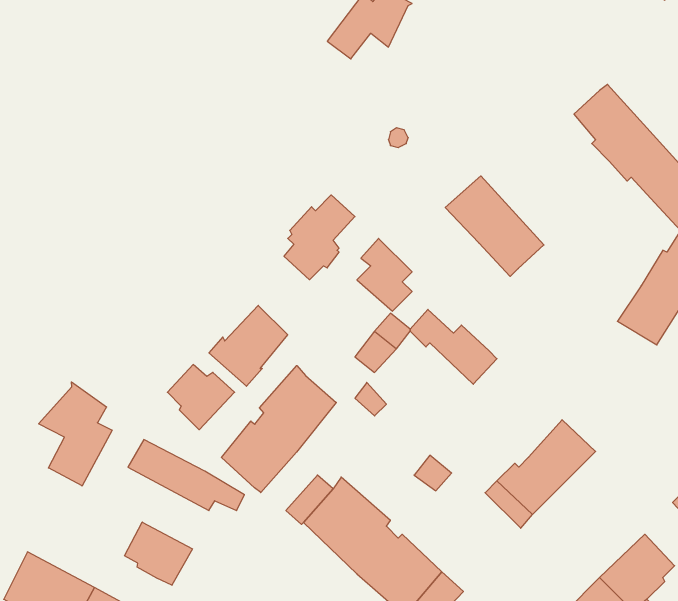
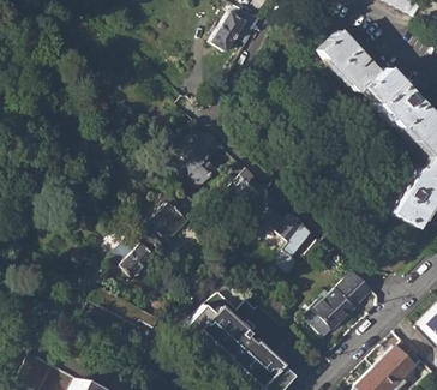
building: [445,176,544,276] -> [316,28,376,89]
building: [221,366,336,493] -> none
building: [39,382,112,486] -> none
building: [125,522,192,585] -> none

